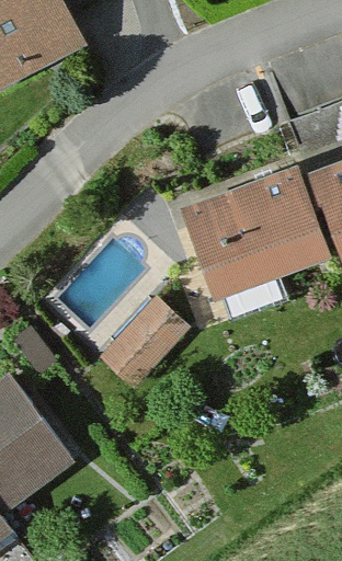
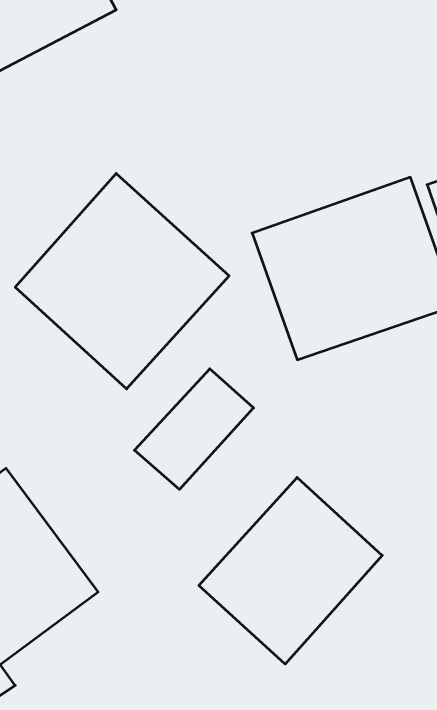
building: none -> [15,173,229,389]
building: none -> [199,477,382,664]

